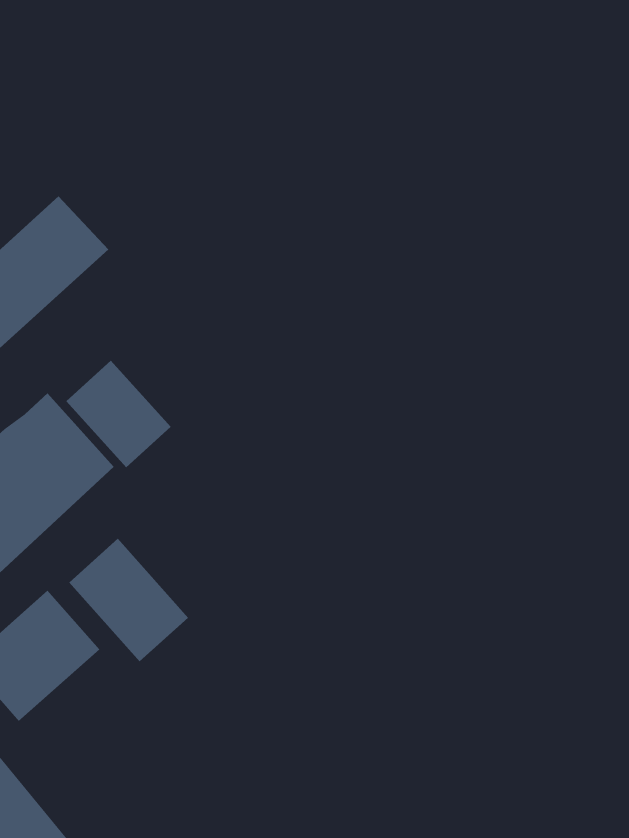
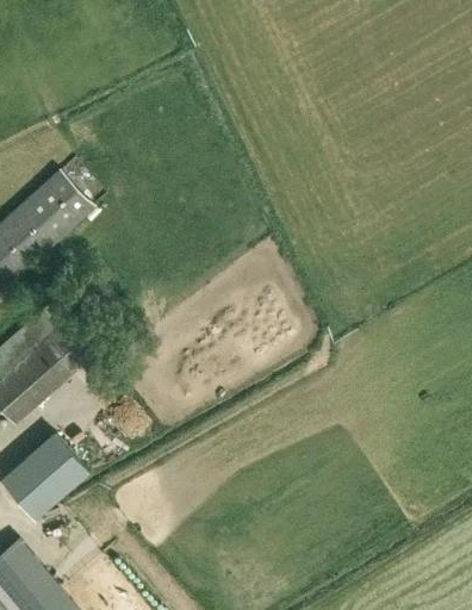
building: [66,360,171,468] -> none
building: [68,538,189,662] -> none

